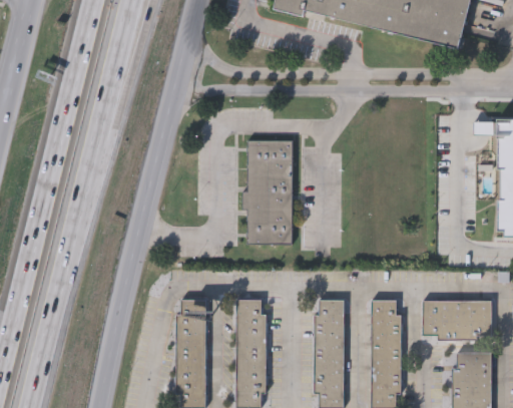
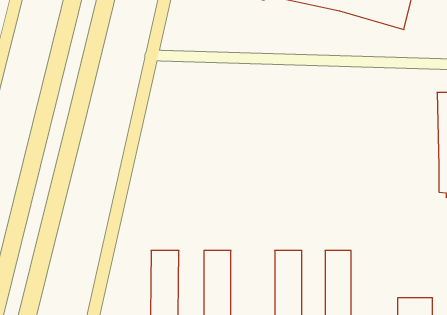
building: [246,140,293,244] -> none
building: [423,301,492,340] -> none

